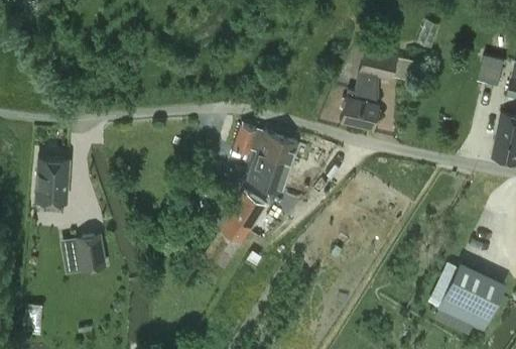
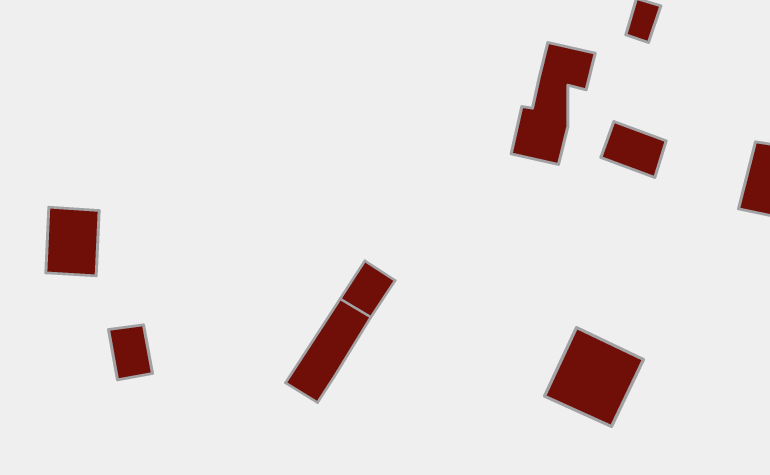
building: [478,56,504,85] -> none
building: none -> [601,122,666,177]
building: [233,125,297,191] -> none
building: [438,263,504,329] -> [544,327,644,427]

